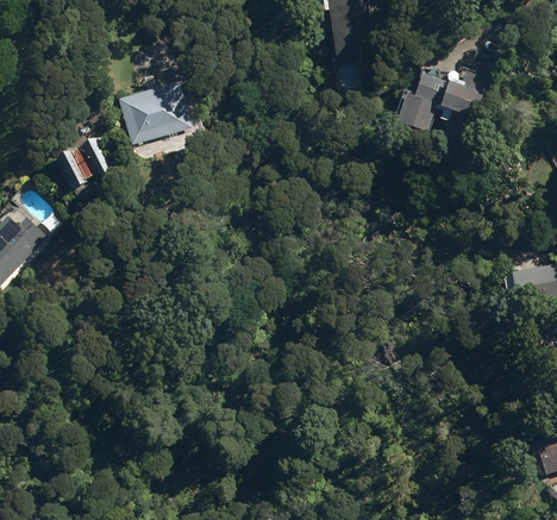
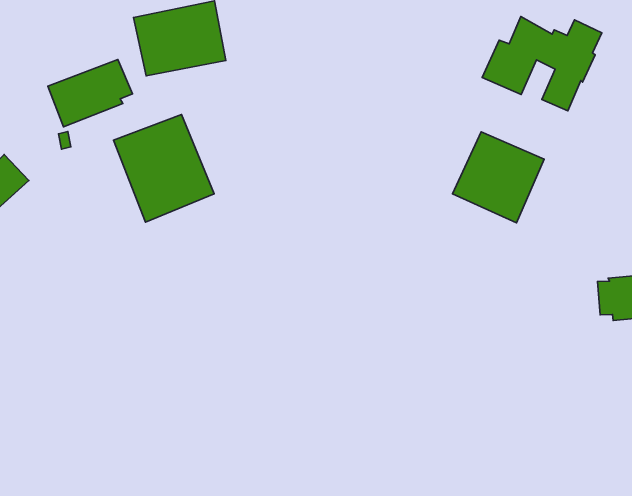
building: none -> [452,132,544,223]
building: none -> [113,114,214,222]

